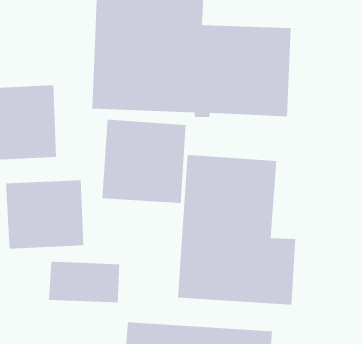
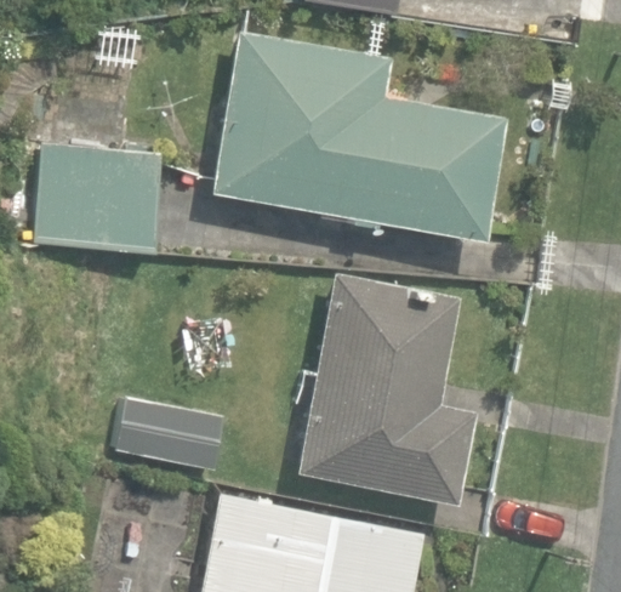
building: [101,119,187,204] -> none
building: [5,179,84,249] -> none

